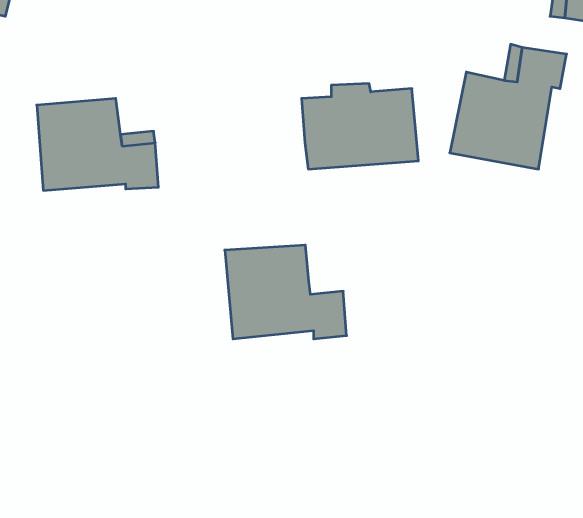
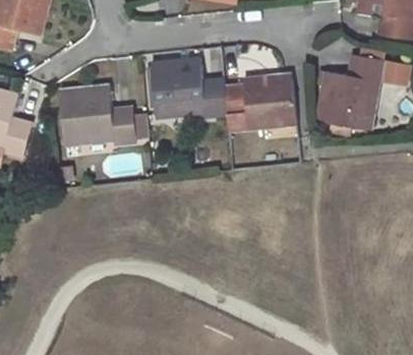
building: [225,245,347,339] -> [151,58,226,116]

